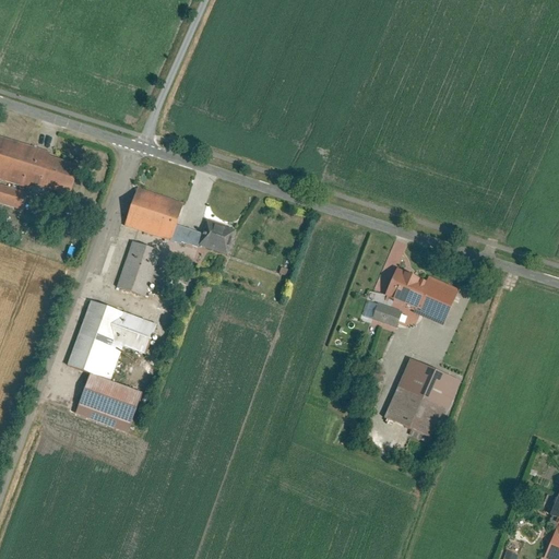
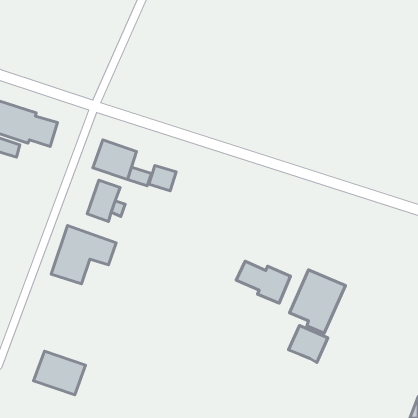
building: [384,269,456,324] -> [236,261,291,303]
building: [370,301,400,326] -> none
building: [74,372,143,430] -> [34,351,85,395]
building: none -> [289,325,328,362]

